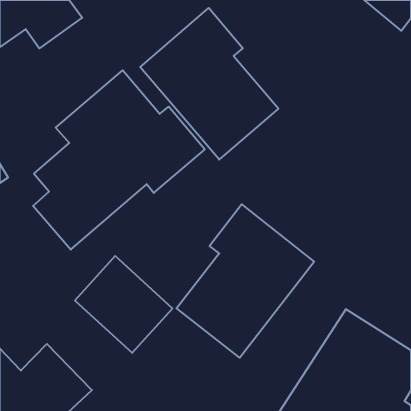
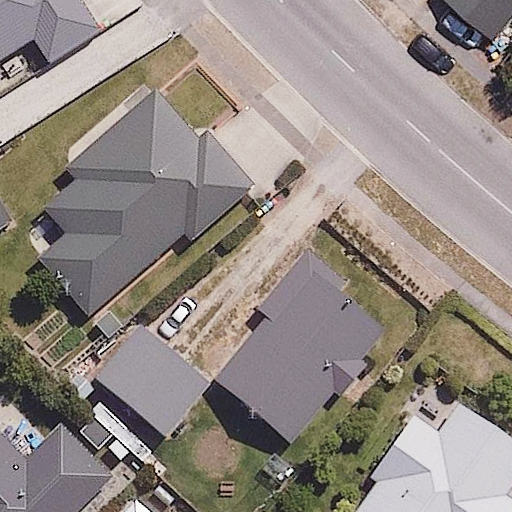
building: [140,8,278,160] -> none

